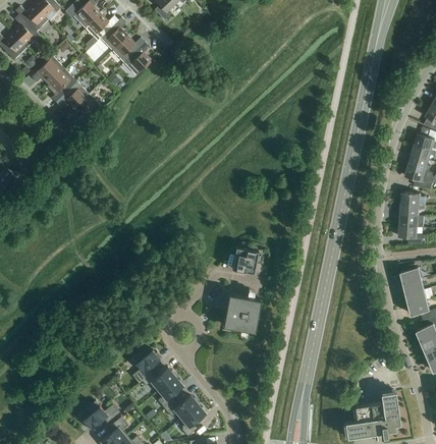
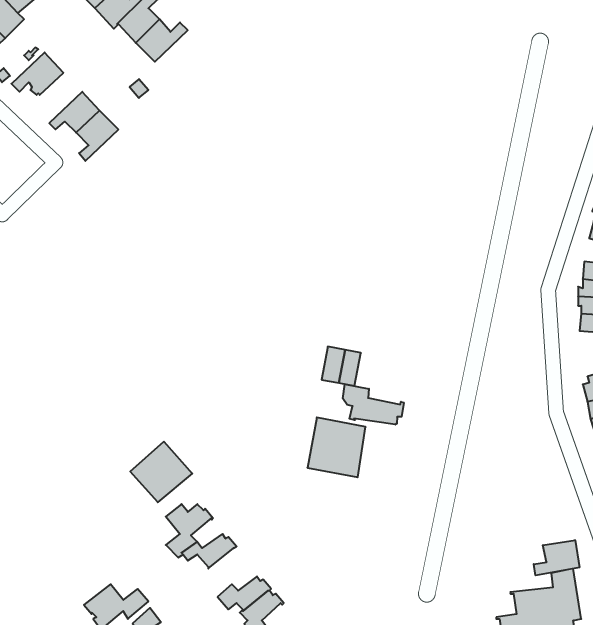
building: [123,43,151,75] -> none
building: [46,70,76,103] -> none
building: none -> [343,384,404,425]
building: none -> [130,442,192,502]
building: none -> [534,540,579,575]
building: [156,378,183,409] -> none

